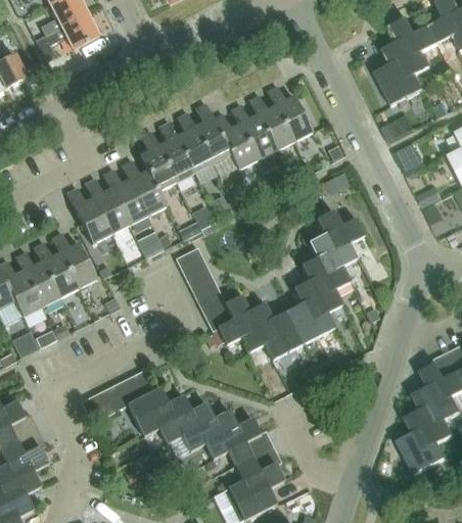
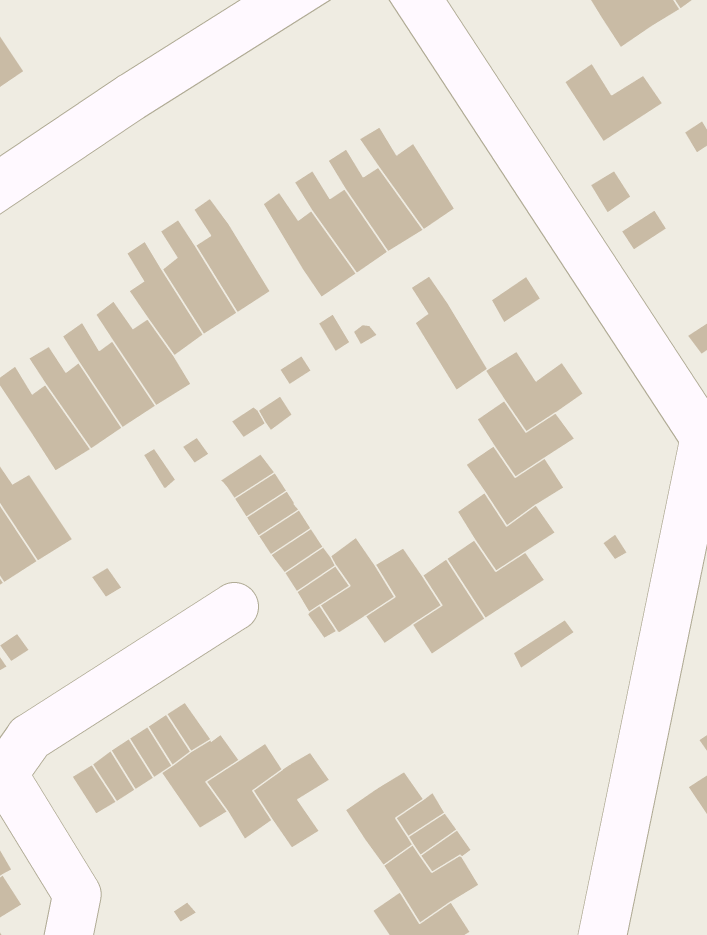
building: [381,44,430,84] -> none
building: [194,104,229,164] -> [411,276,488,391]
building: [196,410,237,459] -> none

